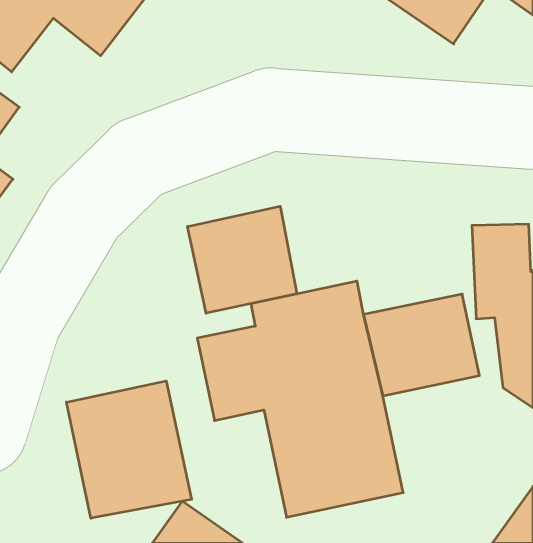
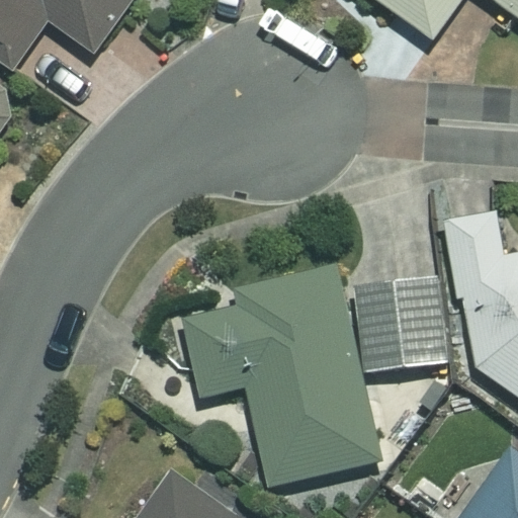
building: [188,206,297,313] -> none
building: [66,381,192,518] -> none

